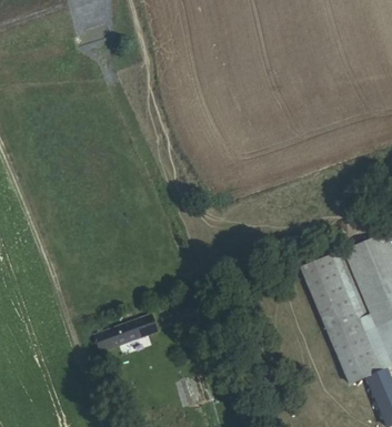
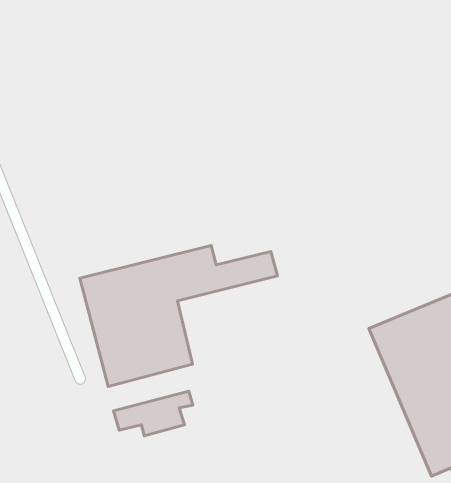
building: none -> [80,246,278,387]

